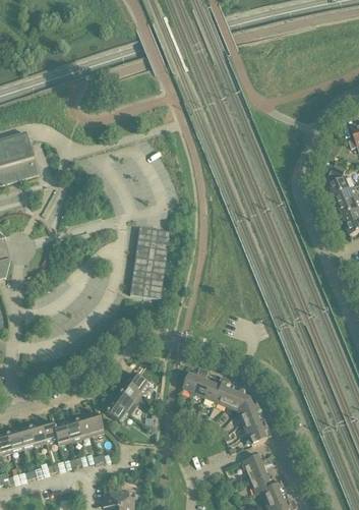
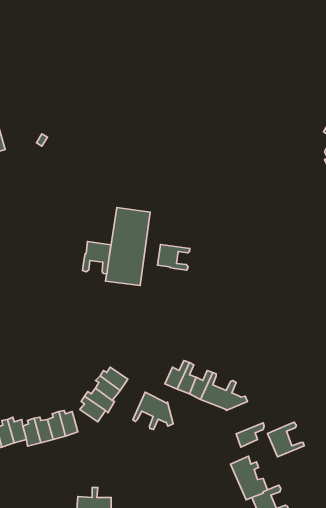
building: none -> [83,242,111,274]
building: none -> [157,244,190,270]
building: none -> [133,392,173,429]
building: [240,402,274,434] -> [267,422,304,457]

